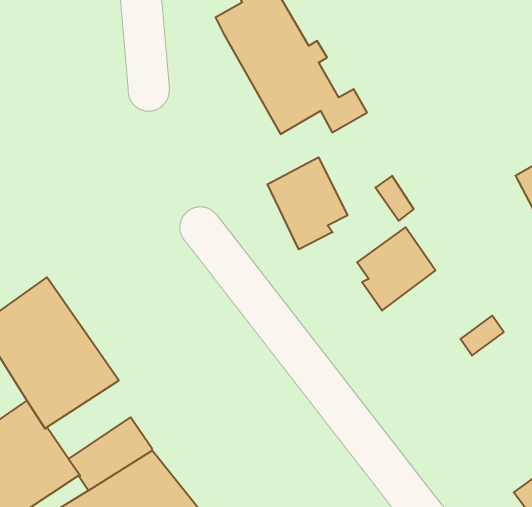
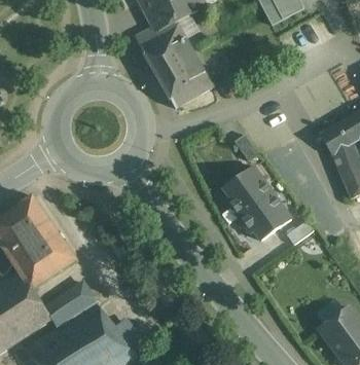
building: [268,157,347,249] -> none
building: none -> [238,190,290,239]

